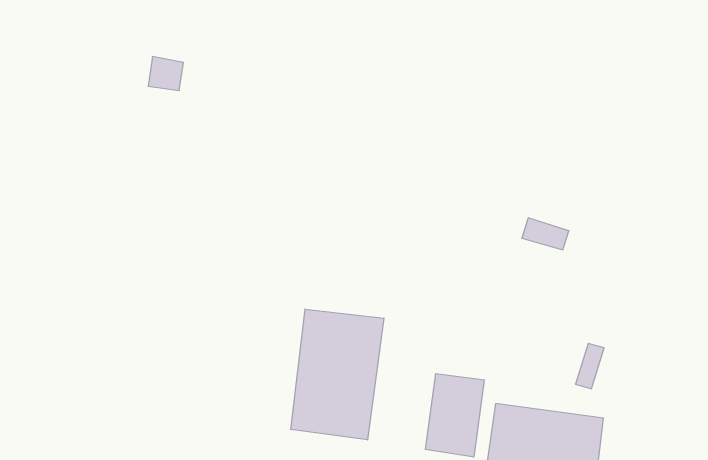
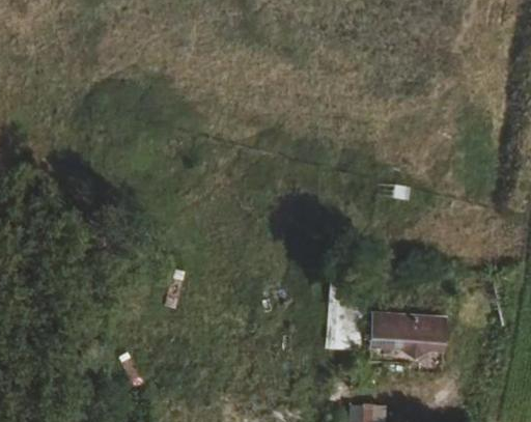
building: [291,309,384,440] -> none

